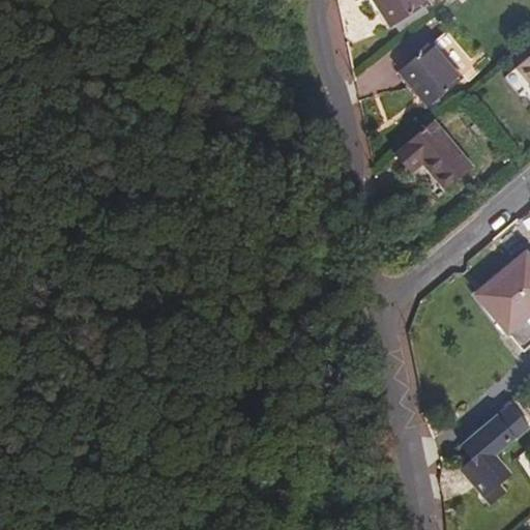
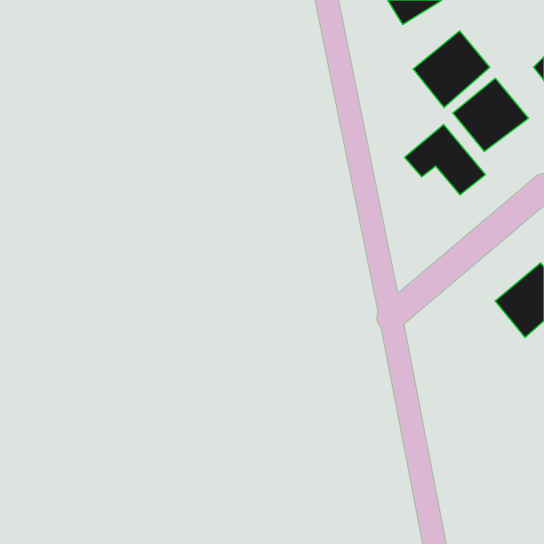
building: none -> [453,78,528,151]
building: [454,409,523,508] -> none

